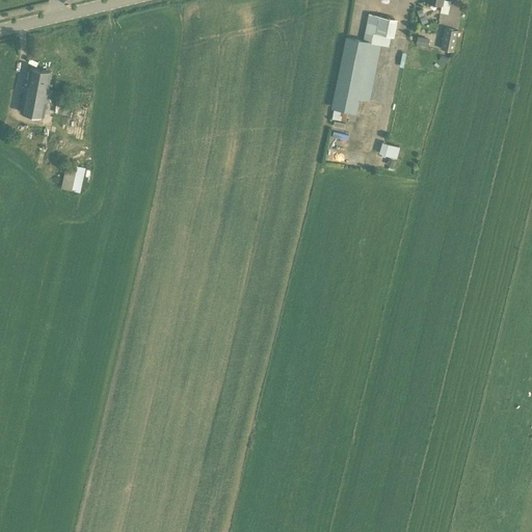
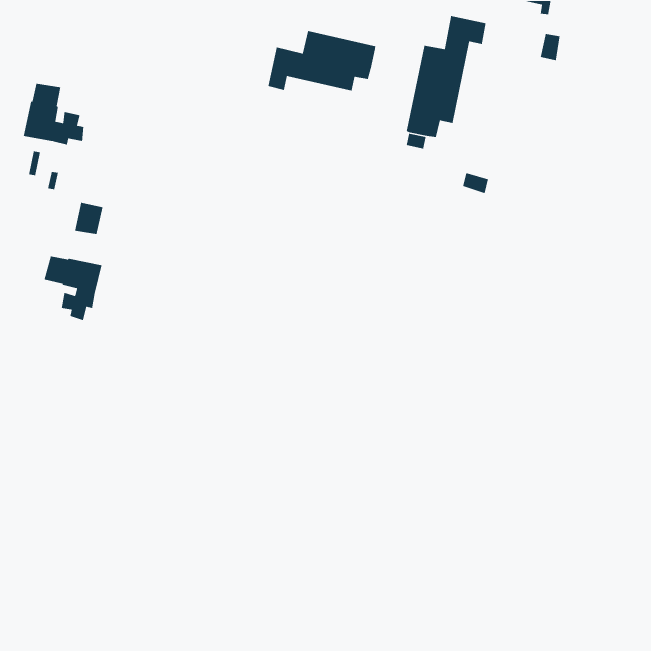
building: none -> [268,30,376,92]
building: none -> [44,255,103,321]

